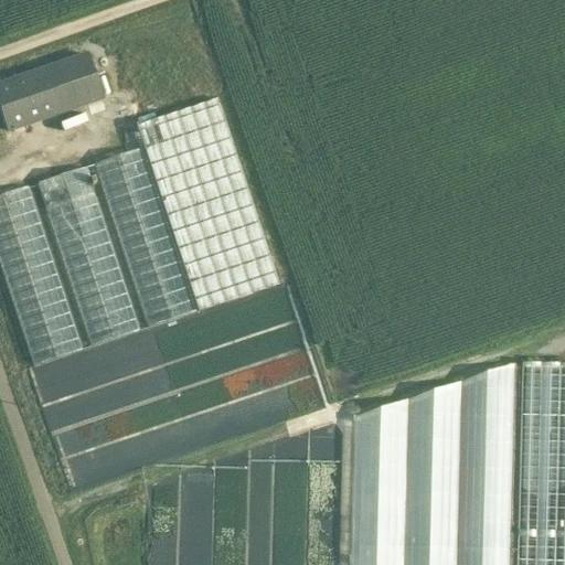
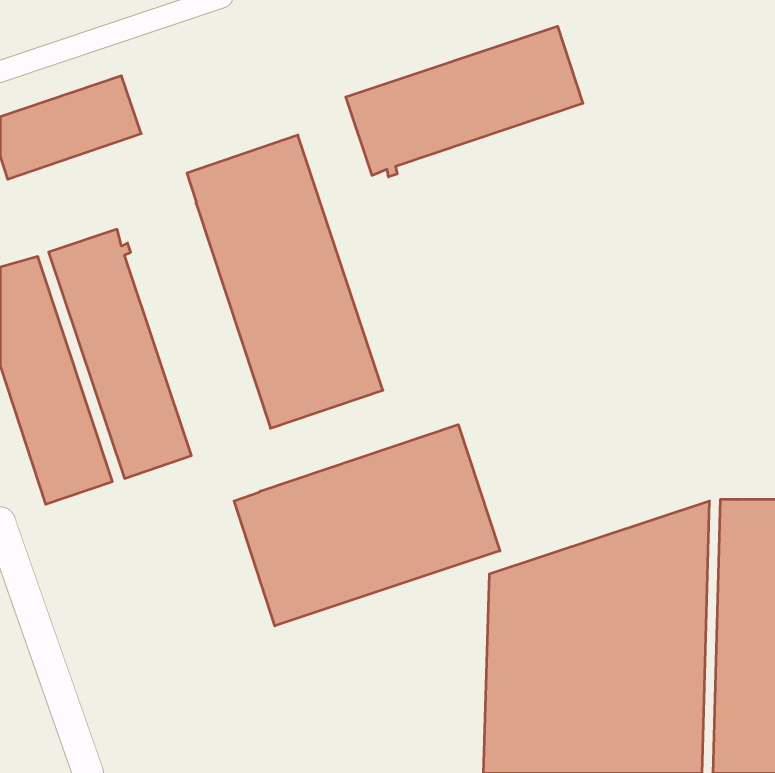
building: none -> [346,26,583,177]
building: [94,148,198,328] -> none
building: none -> [234,425,500,626]

